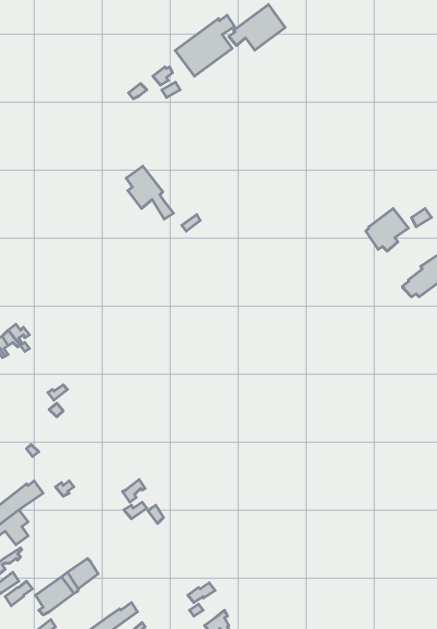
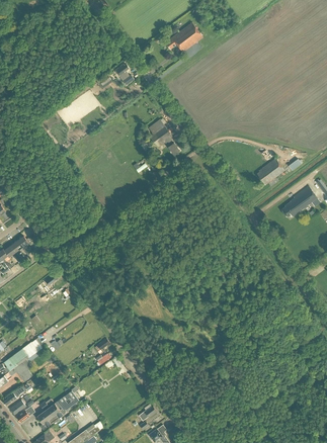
building: [175,15,234,76] -> none
building: [126,166,173,219] -> [149,119,180,155]

